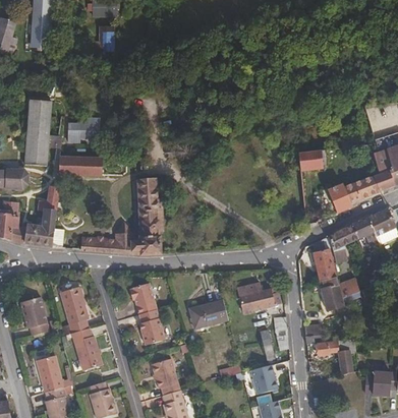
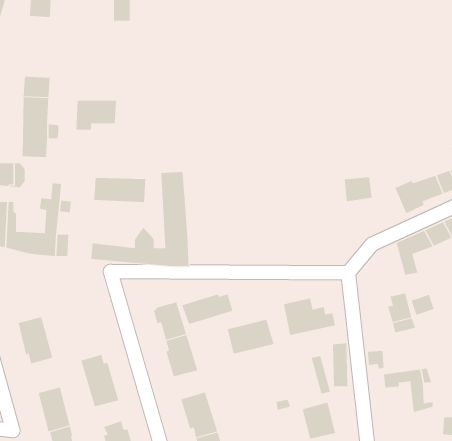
building: [298,151,322,171] -> [344,177,372,202]
building: [58,157,101,177] -> [94,178,146,203]
building: [311,248,336,281] -> none
building: none -> [182,294,233,325]
building: [58,285,89,332] -> none

